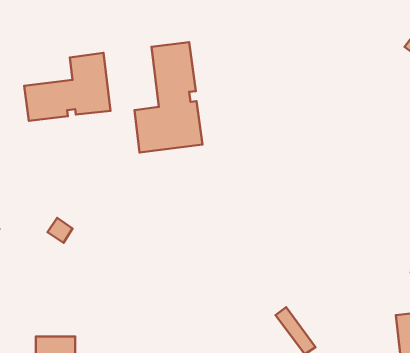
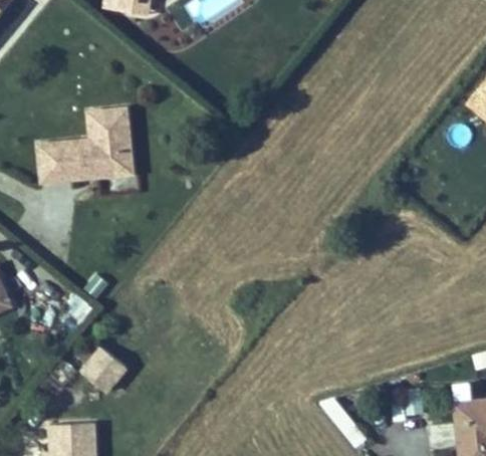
building: [135,42,203,152] -> none
building: none -> [82,349,126,392]

